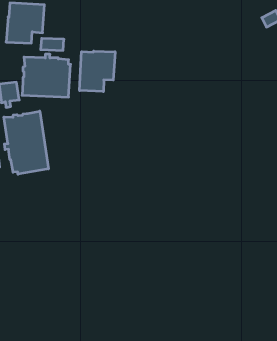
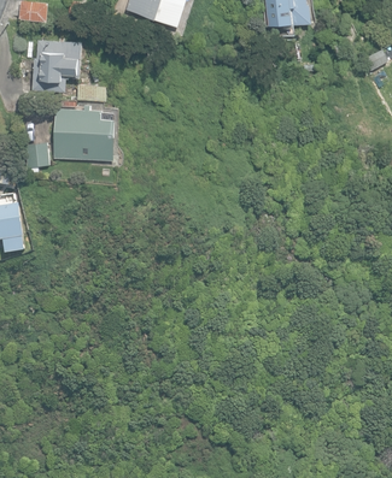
building: [80,51,115,92] -> none
building: [4,111,48,174] -> none

